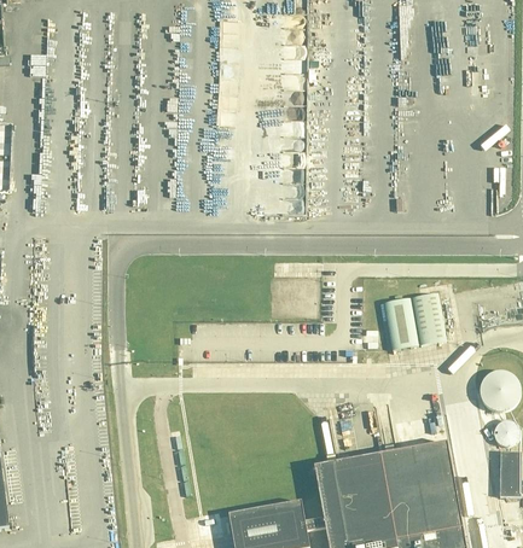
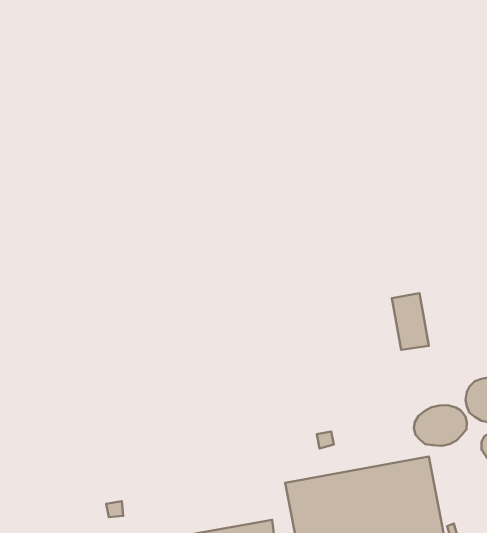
building: [384,298,418,350] -> none
building: none -> [414,405,467,446]

